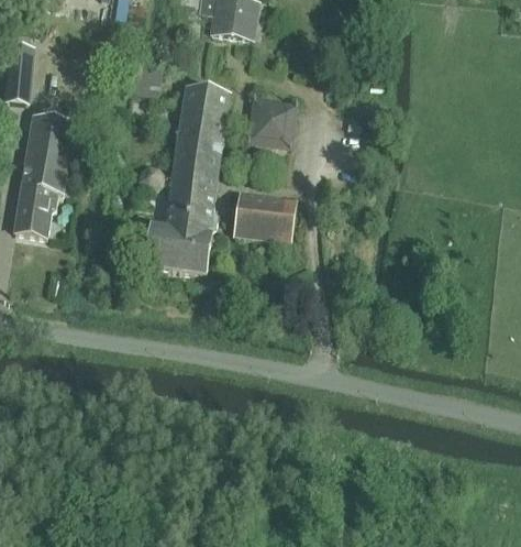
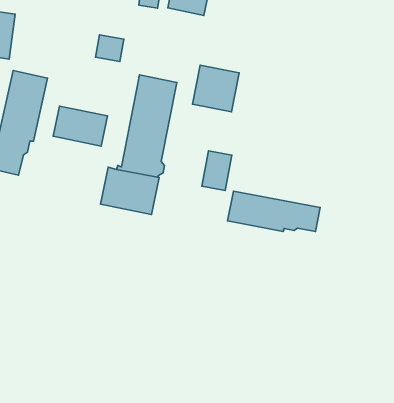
building: [182,86,230,117] -> none
building: none -> [53,106,107,146]
building: [235,192,268,237] -> none
building: none -> [228,191,320,232]

